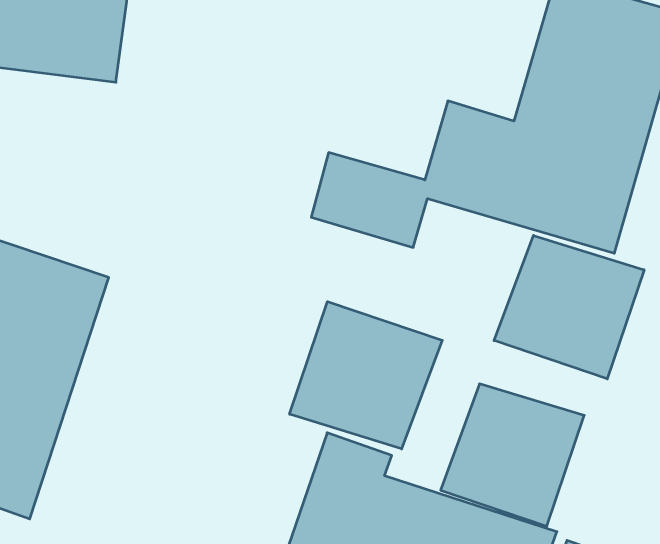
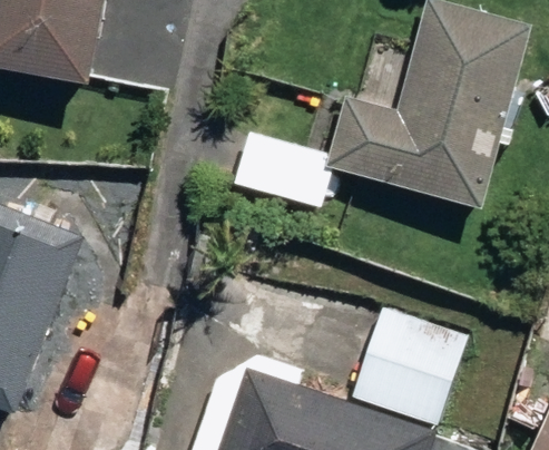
building: [494,235,644,379] -> none
building: [290,302,442,449] -> none

